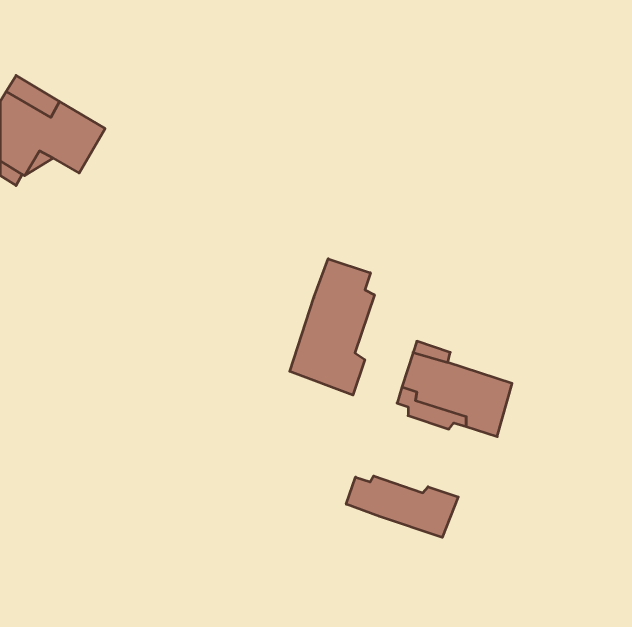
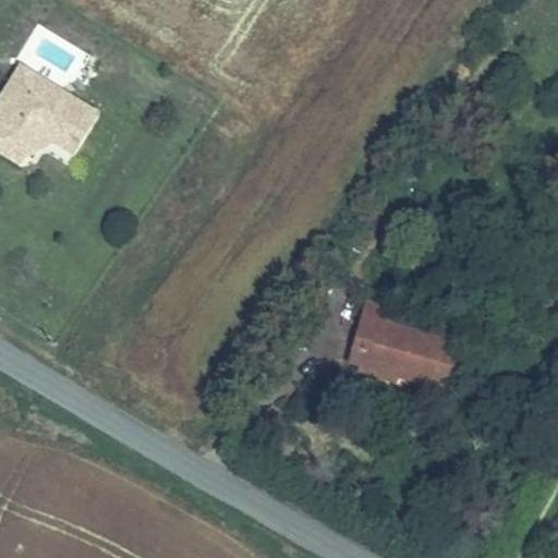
building: [290,259,374,395] -> none
building: [346,476,458,537] -> none

